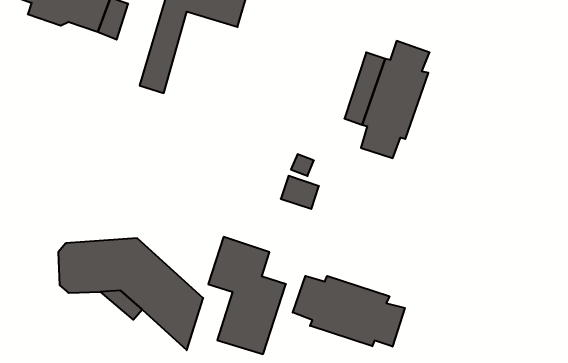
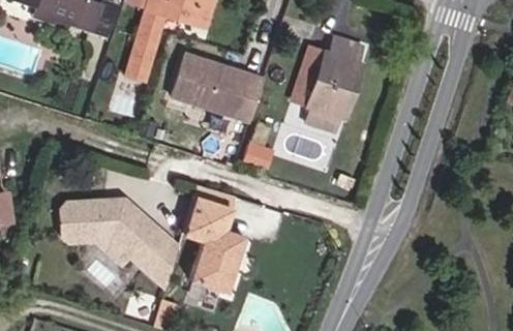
building: none -> [172,54,264,121]
building: [293,276,405,347] -> none

